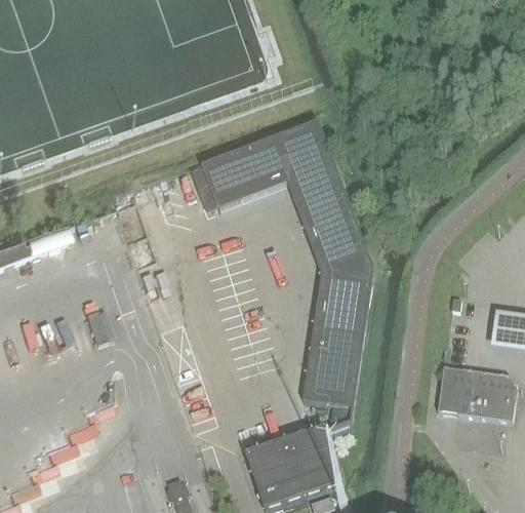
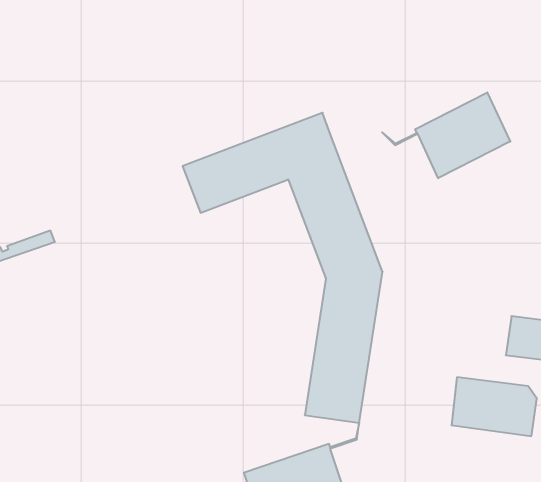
building: none -> [382,92,510,178]

